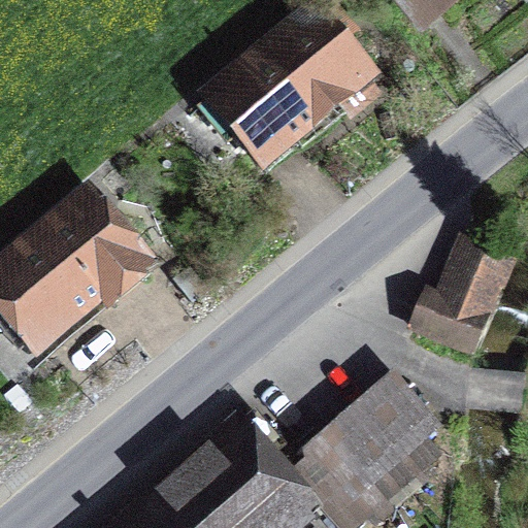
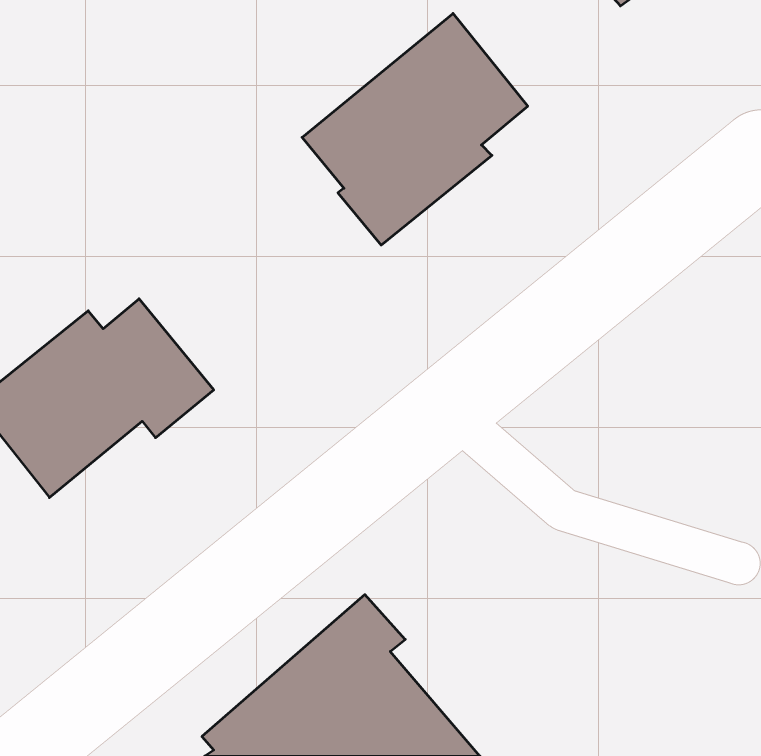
building: [411,240,510,351] -> none
building: [308,376,433,512] -> none

